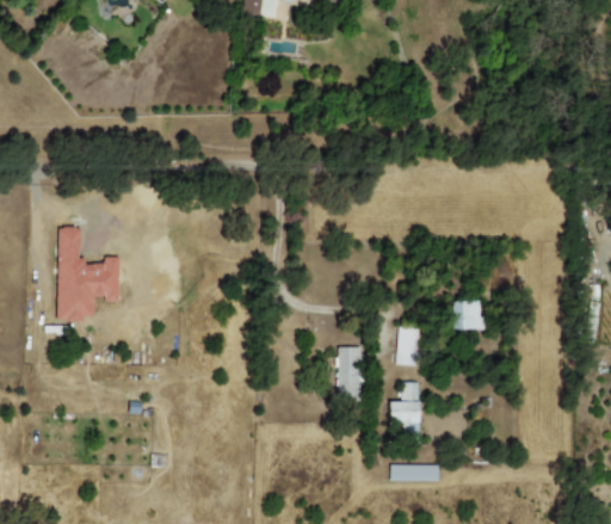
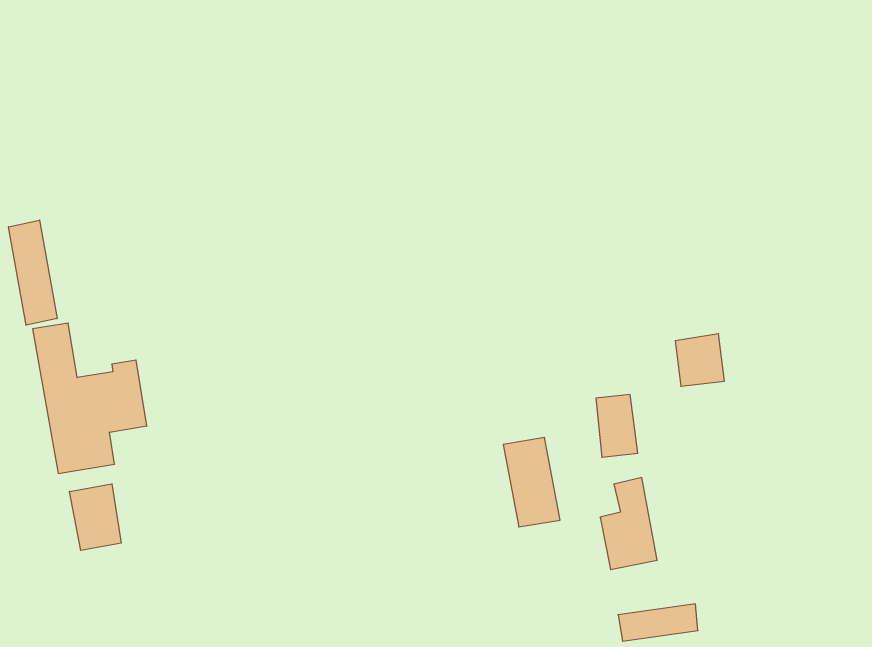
building: none -> [9,220,57,325]
building: none -> [69,484,121,550]

